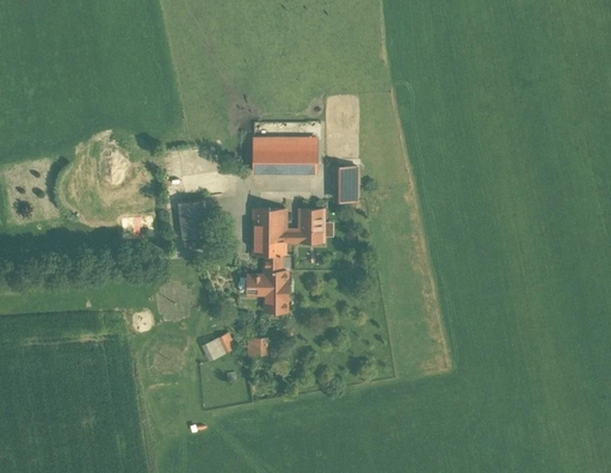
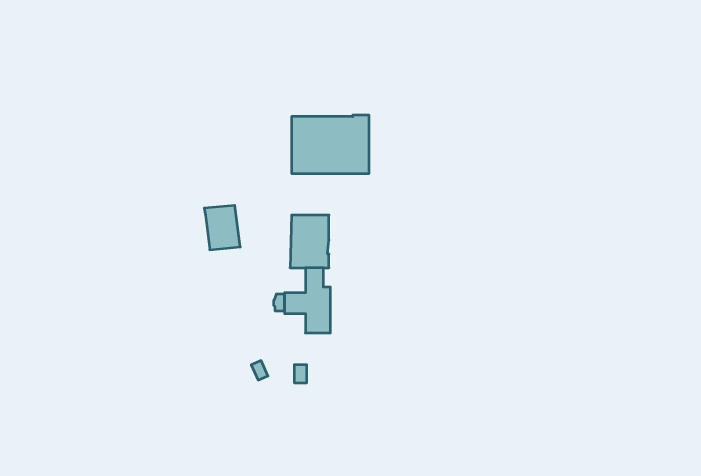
building: [332,170,356,203] -> none
building: [284,210,323,244] -> none

